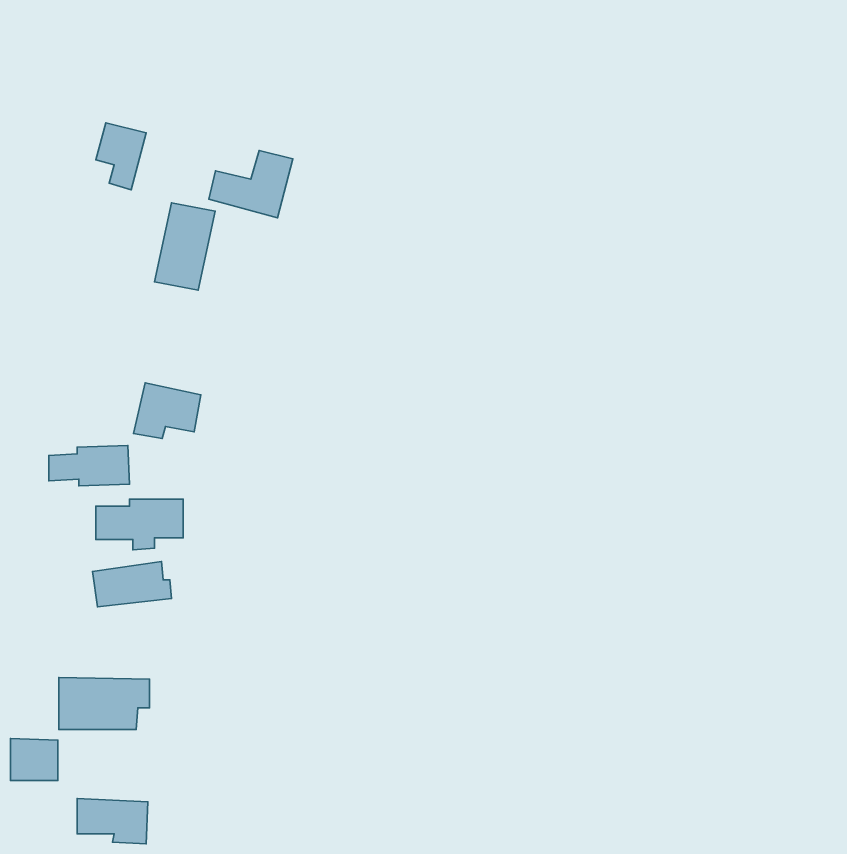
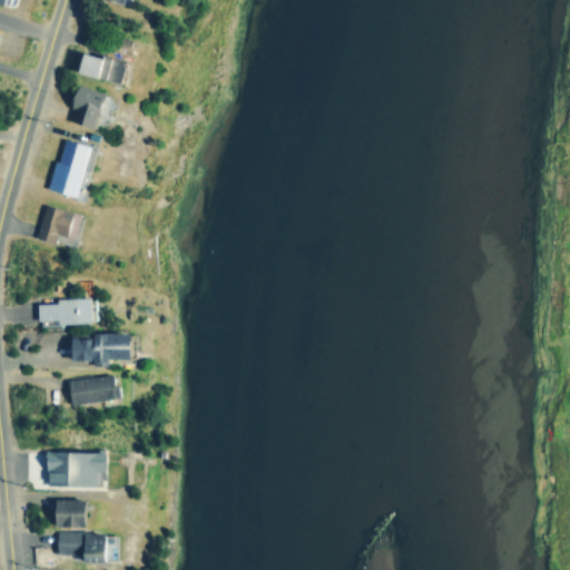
building: [209,151,293,218] -> [77,40,132,85]
building: [155,203,215,290] -> [52,140,92,198]
building: [134,383,201,438] -> [39,207,83,244]
building: [11,738,58,780] -> [56,500,87,528]

